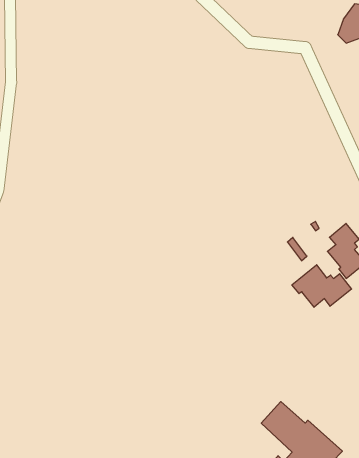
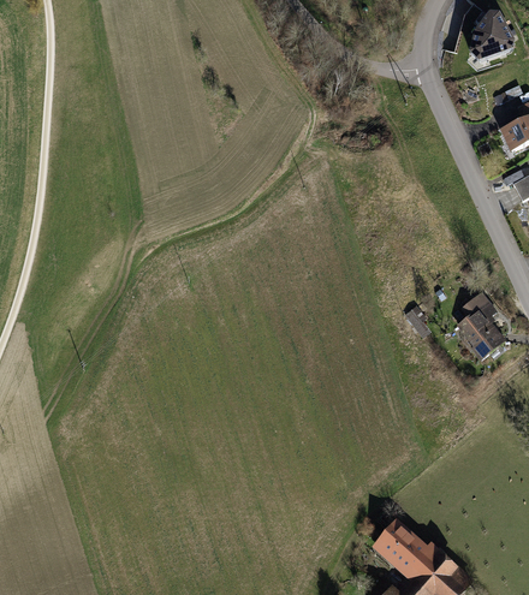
building: [292,265,352,307] -> none

